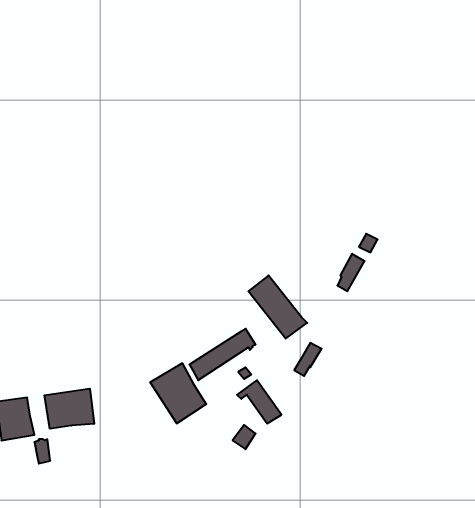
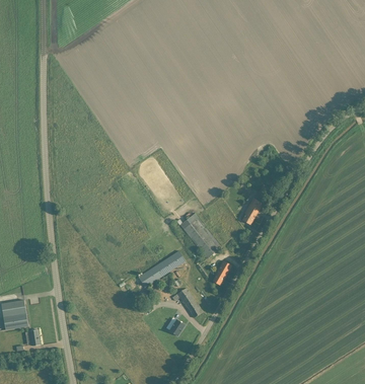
building: [150,363,206,424] -> none
building: [44,389,94,429] -> none

